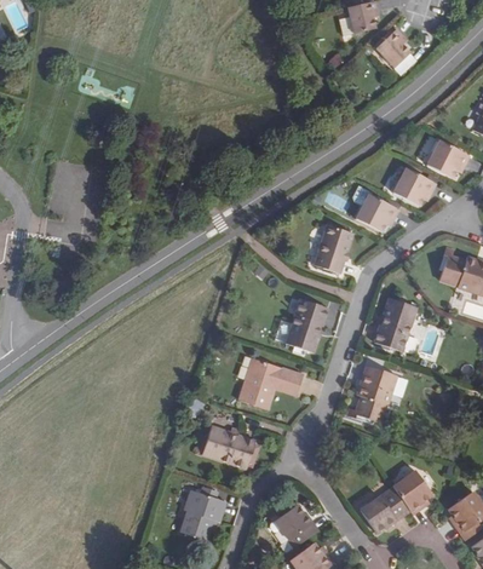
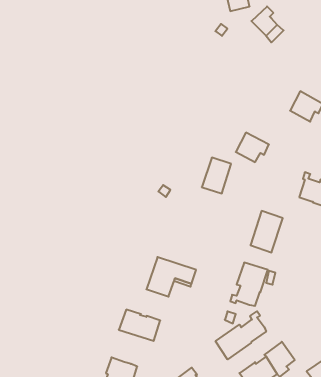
building: [392,167,436,205] -> none
building: [274,298,328,352] -> none
building: none -> [216,311,266,359]

